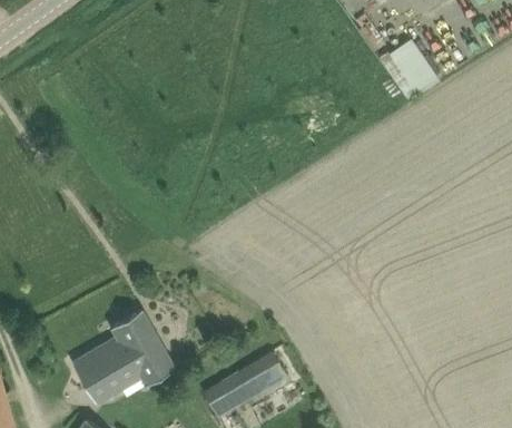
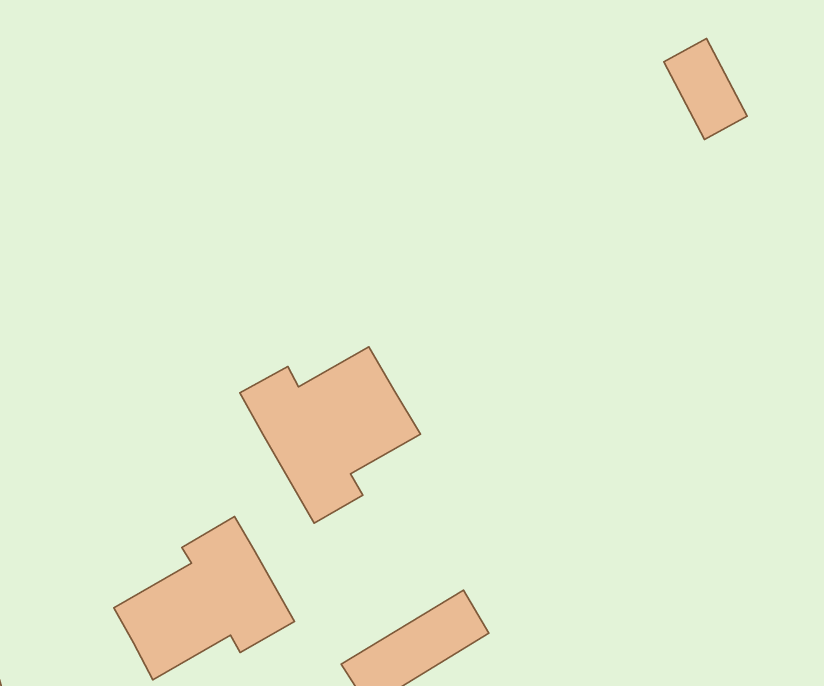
building: none -> [240,347,421,523]

